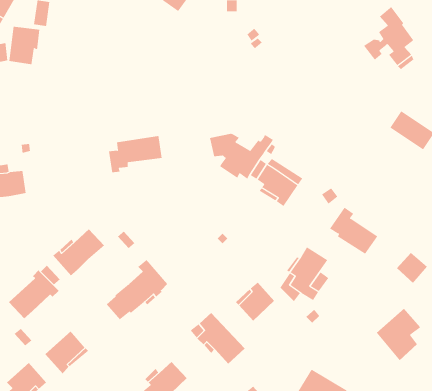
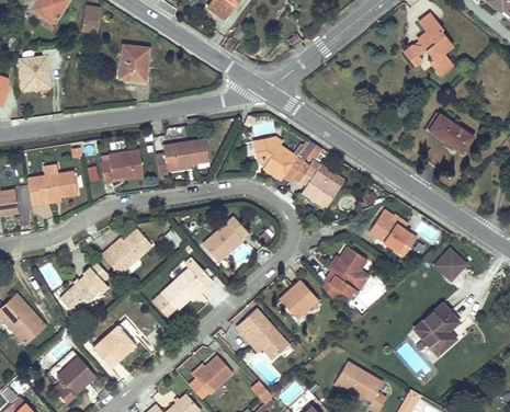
building: [8,26,40,65] -> [117,45,148,82]
building: none -> [99,149,141,182]
building: none -> [202,217,247,262]

